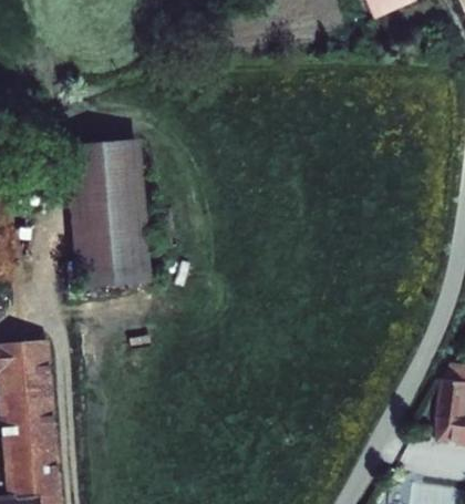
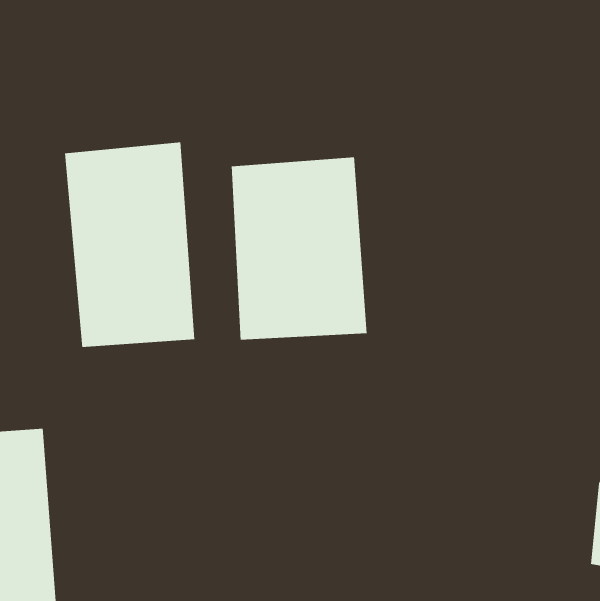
building: none -> [231,157,367,341]

